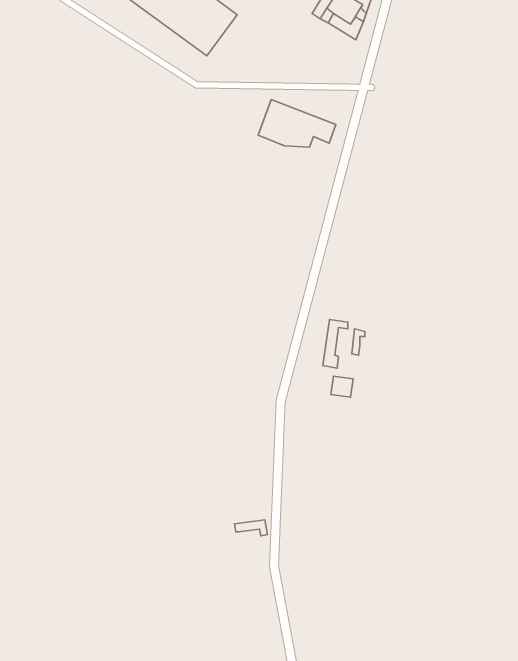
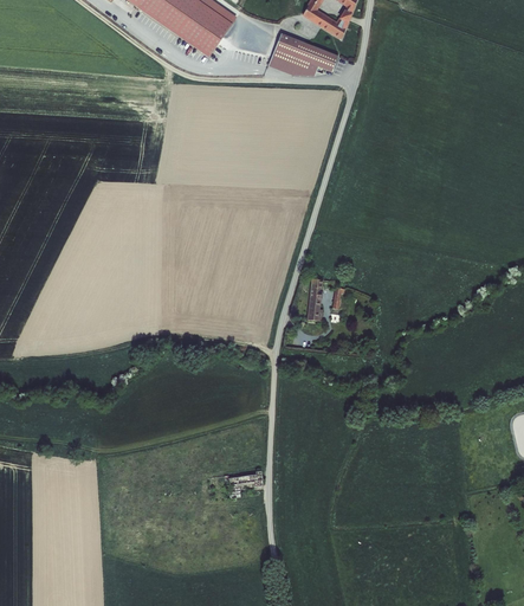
building: [258,100,336,147] -> [265,36,335,78]

